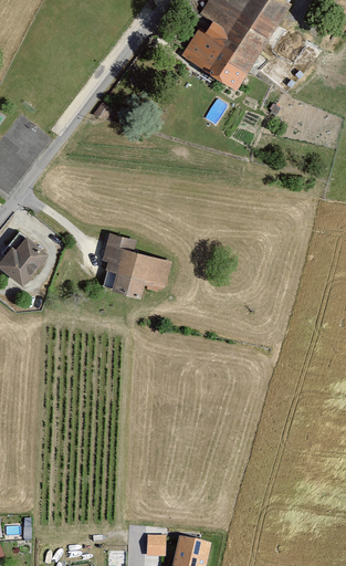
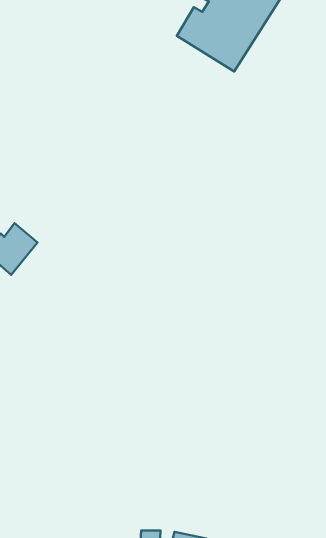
building: [102,234,170,298] -> none

